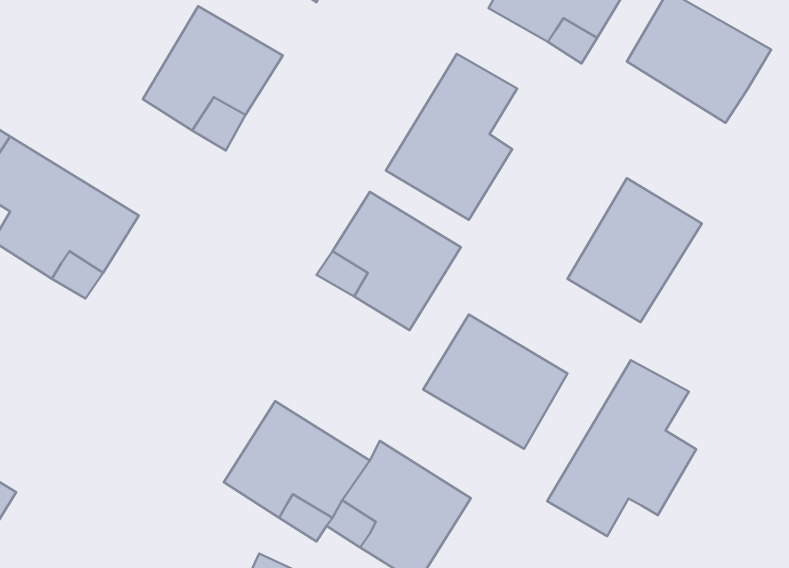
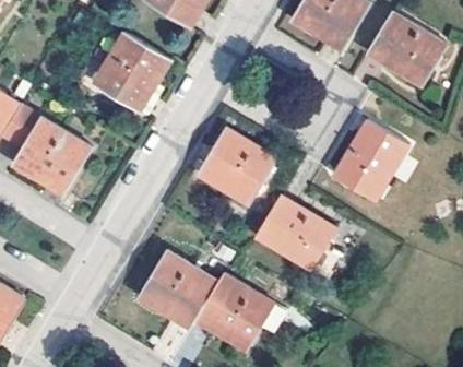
building: [386,54,517,220] -> none
building: [547,360,696,536] -> none

